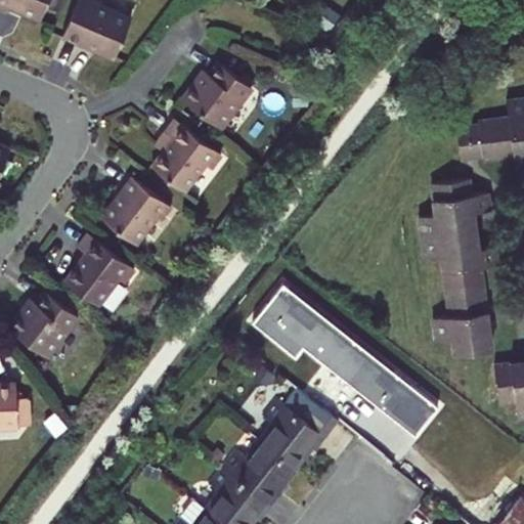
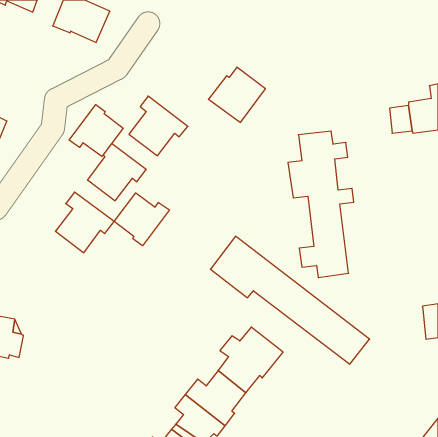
building: [183,62,251,128] -> [208,67,265,122]
building: none -> [69,105,123,156]
building: [422,184,499,357] -> [288,131,354,278]
building: none -> [114,193,169,246]
building: [9,290,78,356] -> none

